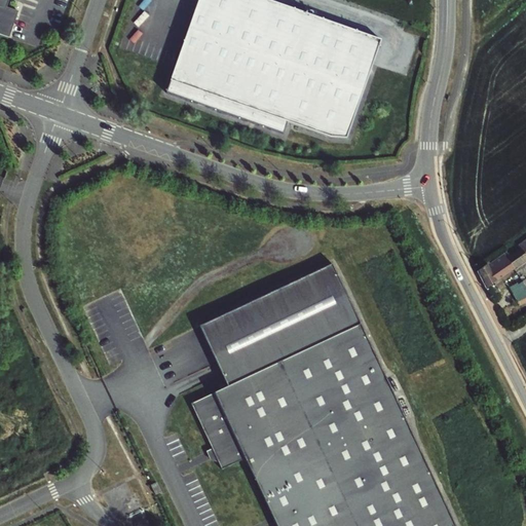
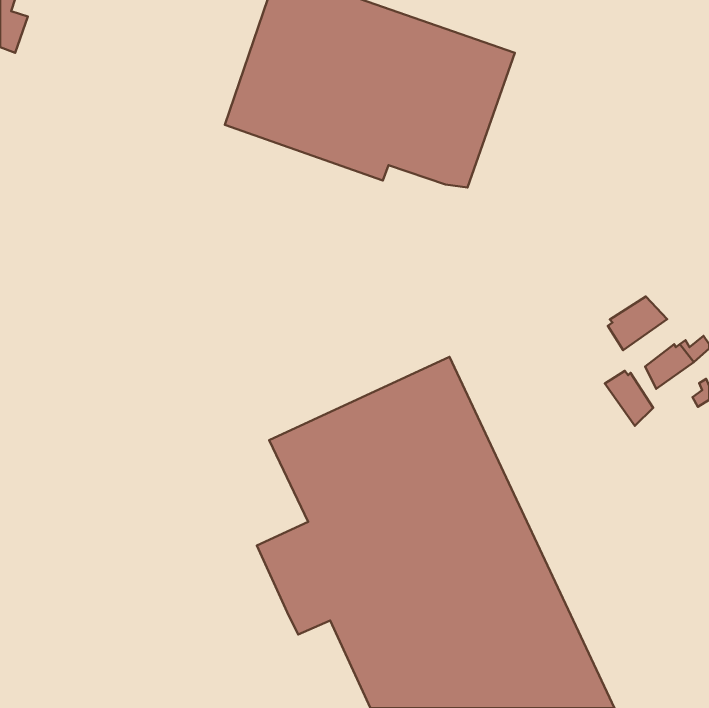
building: none -> [608,296,667,350]
building: none -> [605,371,653,426]

